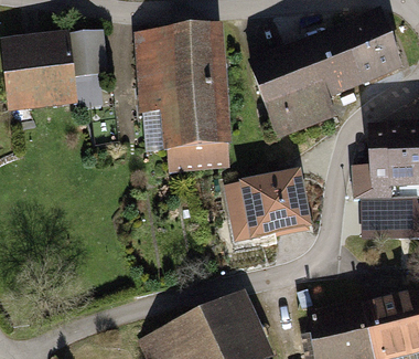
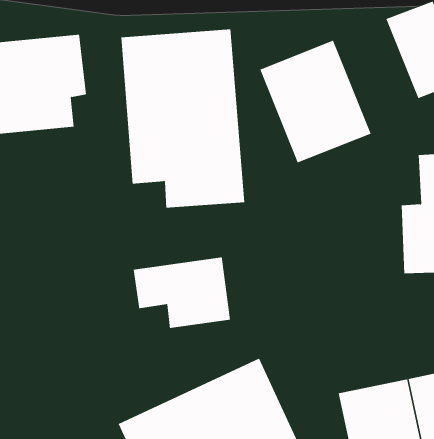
building: [303,19,369,98] -> none
building: [224,177,301,233] -> [133,257,231,328]

